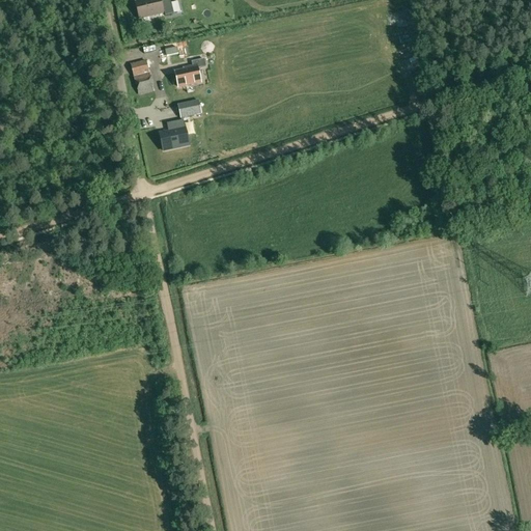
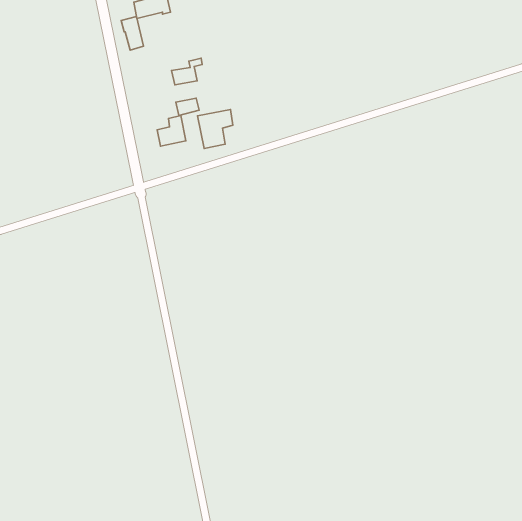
building: [131,60,153,94] -> [121,17,144,50]
building: none -> [198,109,233,148]

